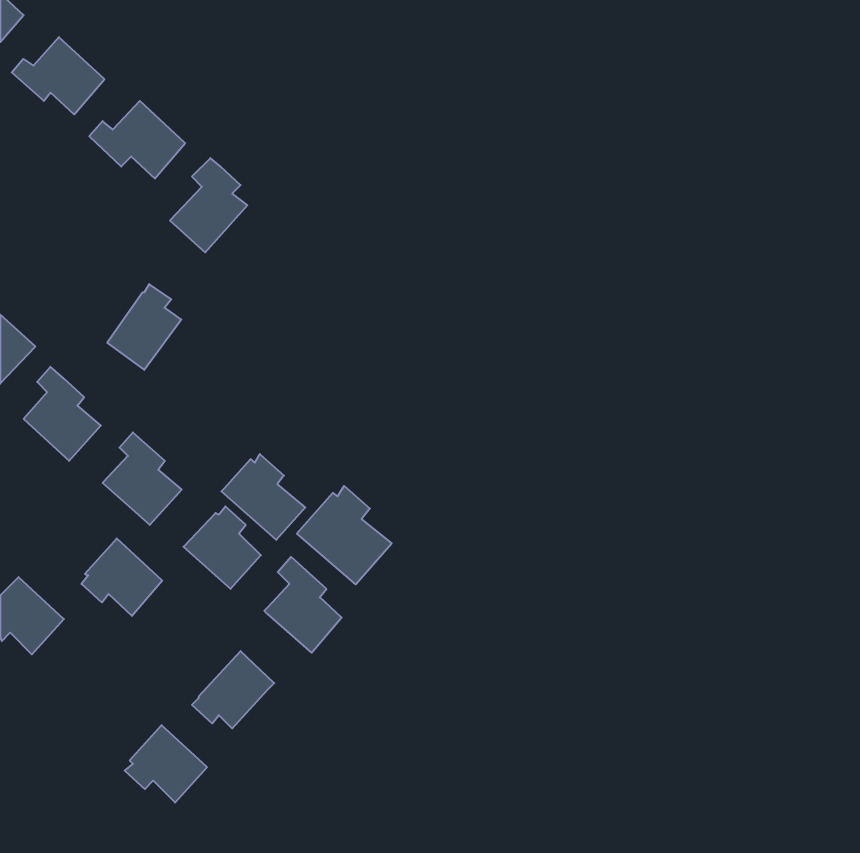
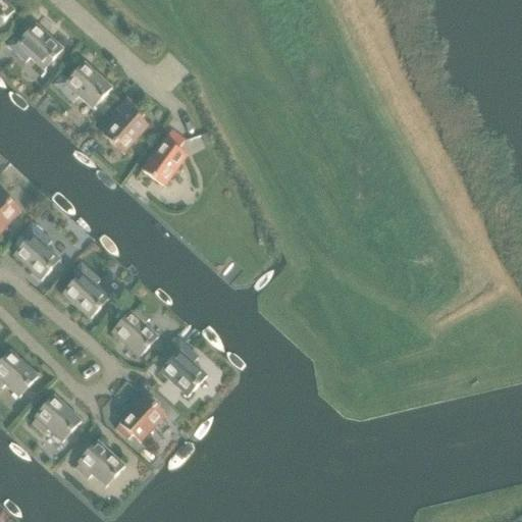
building: [107,284,181,370] -> [143,134,188,186]
building: [221,454,305,540] -> none
building: [297,486,392,584] -> none
building: [81,538,162,616] -> [33,395,82,441]

